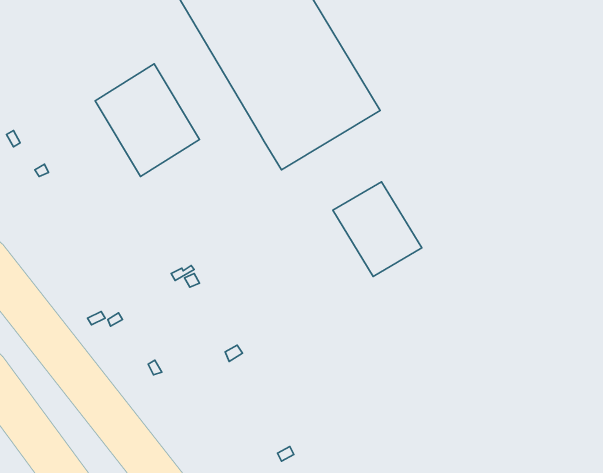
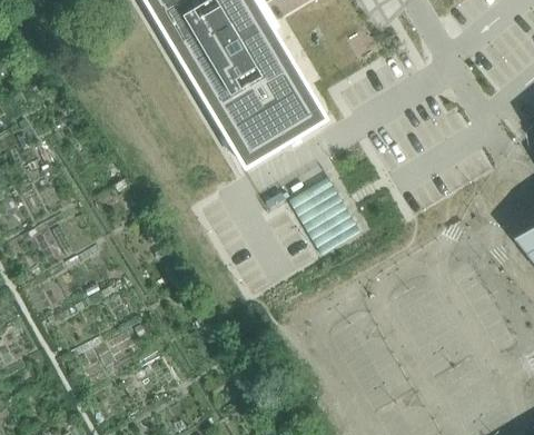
building: [95,64,199,176] -> none

